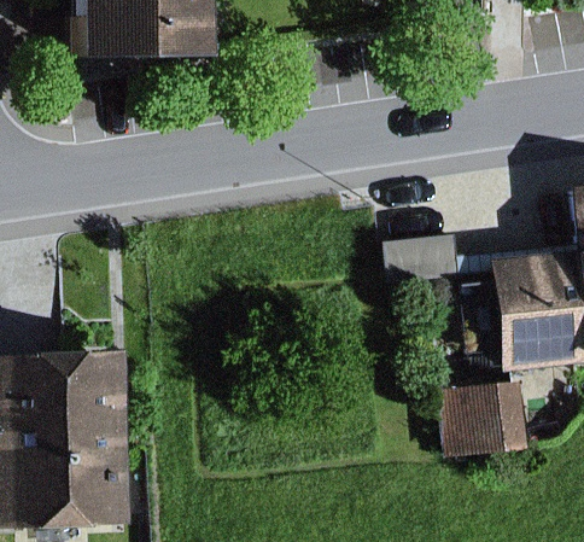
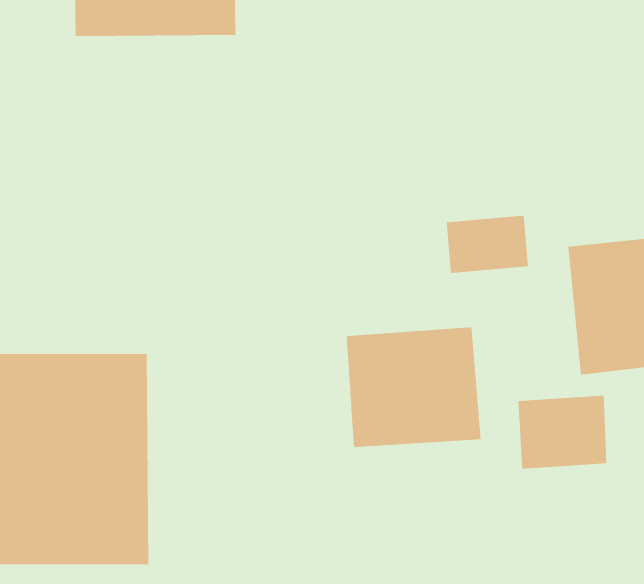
building: none -> [346,327,481,448]

